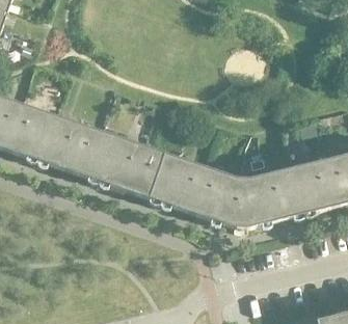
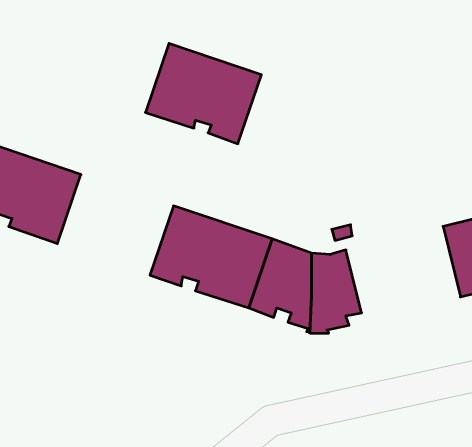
building: [68,125,144,191] -> [145,43,261,144]
building: [259,159,334,221] -> none

